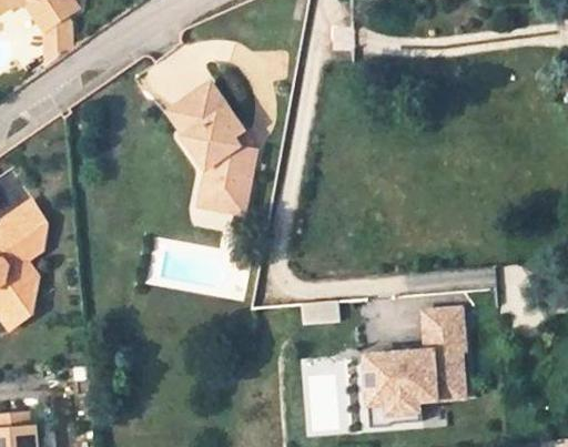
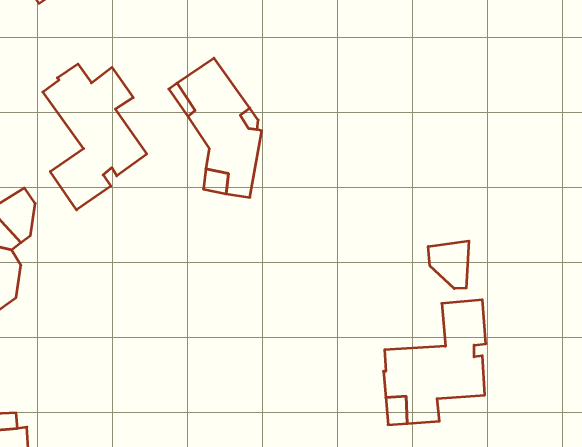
building: none -> [43,64,147,210]
building: none -> [428,241,469,289]

